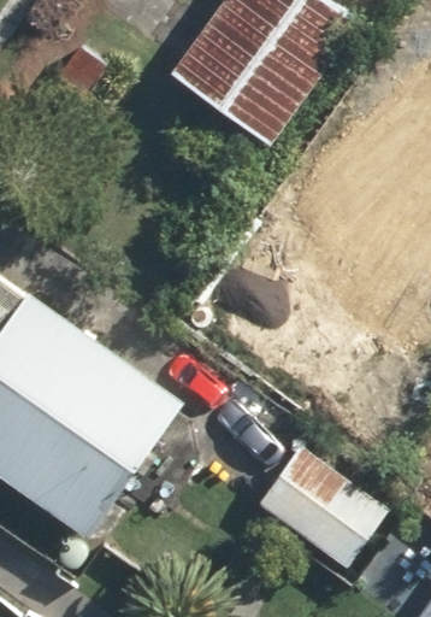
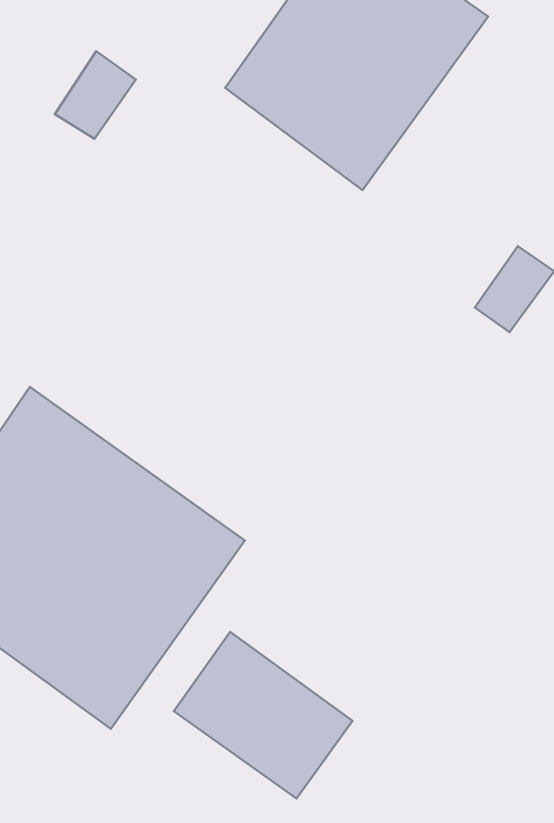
building: [256,446,386,568] -> [174,632,353,799]

